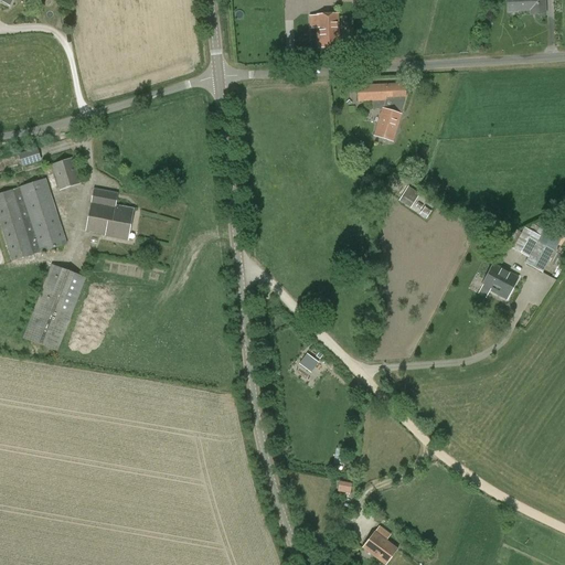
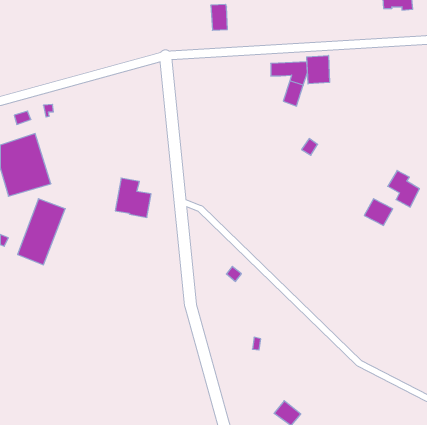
building: [317,12,339,46] -> [211,4,227,30]
building: none -> [307,55,330,84]
building: [52,157,81,189] -> none
building: [86,186,134,238] -> [115,178,151,217]

